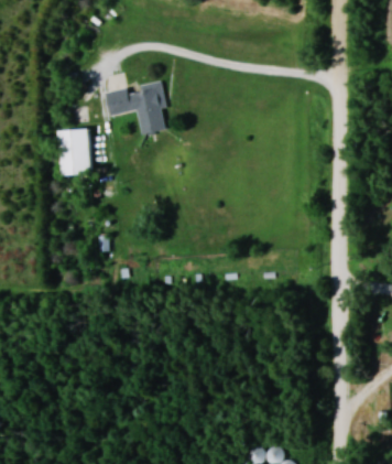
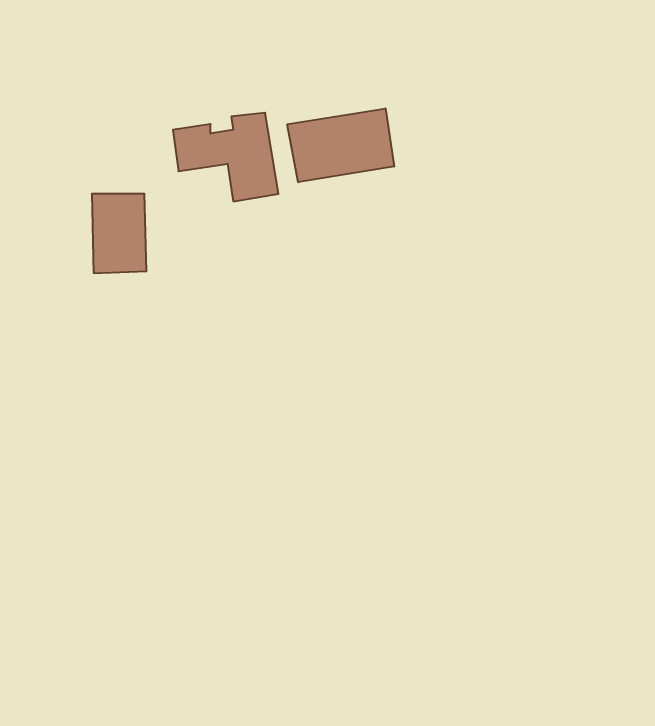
building: none -> [287,108,394,182]

